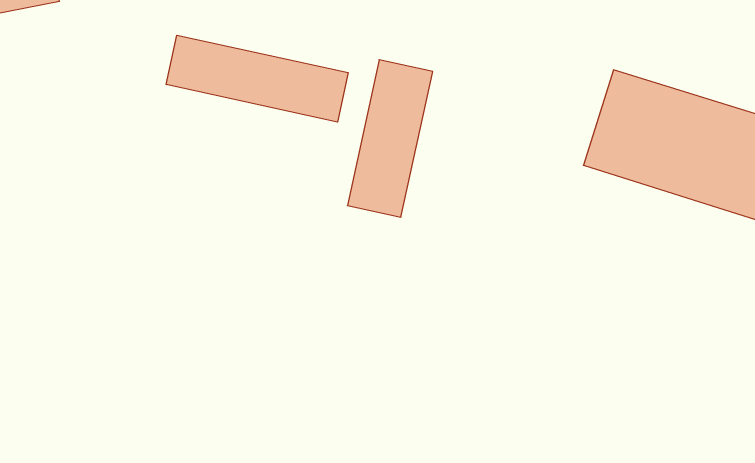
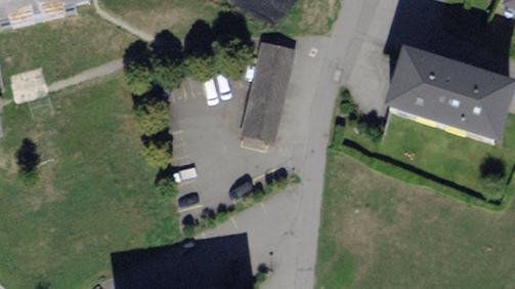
building: [166,35,348,122] -> none

